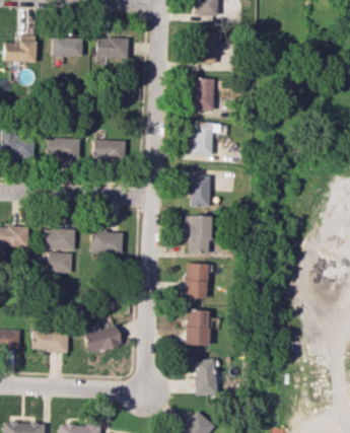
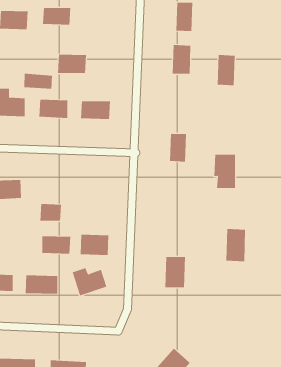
building: [96,37,129,58] -> [57,54,87,73]
building: none -> [24,73,52,89]
building: [193,122,213,156] -> [217,54,235,86]
building: [186,216,210,254] -> [213,154,236,188]
building: [44,229,76,249] -> [41,236,71,254]
building: [91,231,124,255] -> [80,234,109,256]
building: [186,263,208,299] -> [226,228,246,262]
building: [194,359,216,394] -> none

